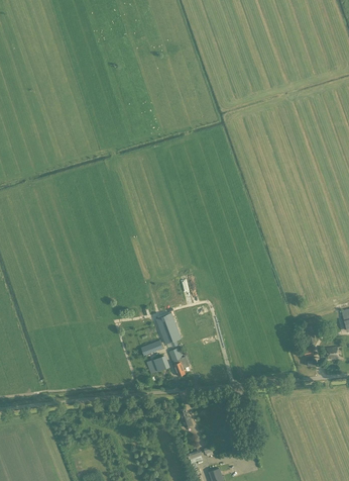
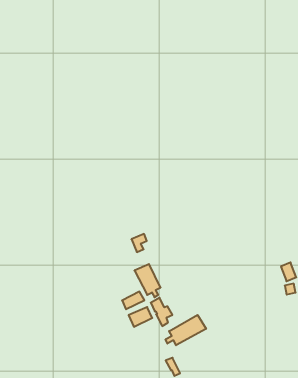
building: none -> [166,315,206,345]

